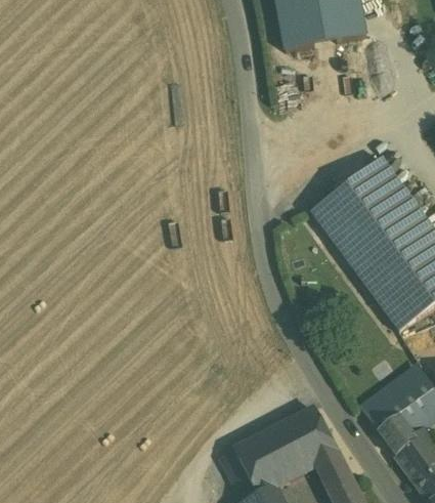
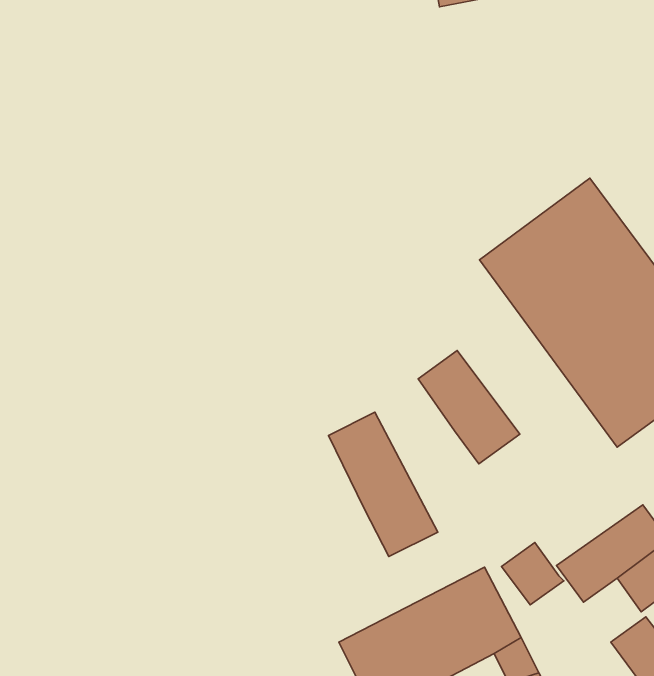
building: none -> [418,350,520,464]
building: none -> [329,412,438,556]
building: [378,413,418,453] -> [501,542,564,605]

